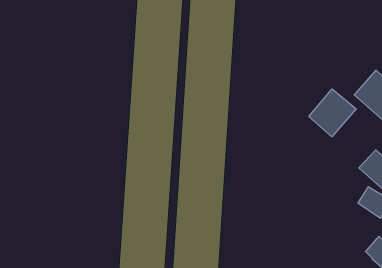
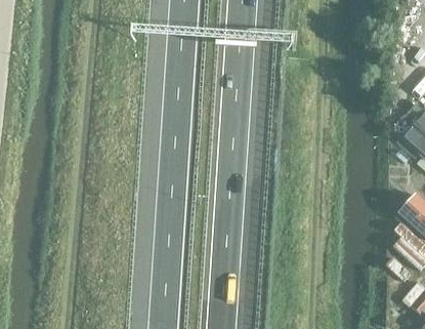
building: [309,89,356,137] -> none

